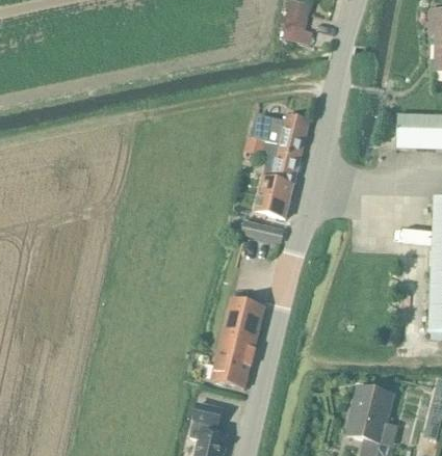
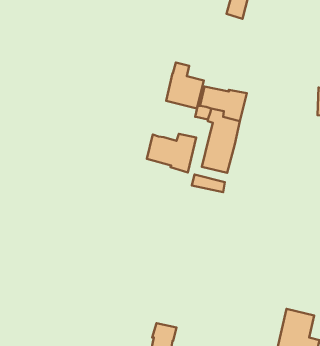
building: none -> [166,63,204,109]
building: none -> [147,134,196,173]
building: [212,297,265,387] -> none

